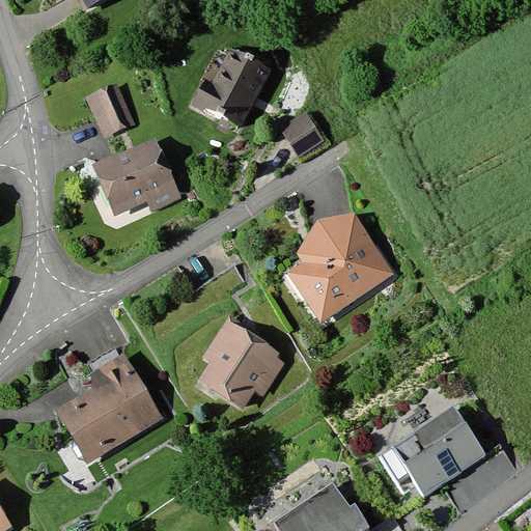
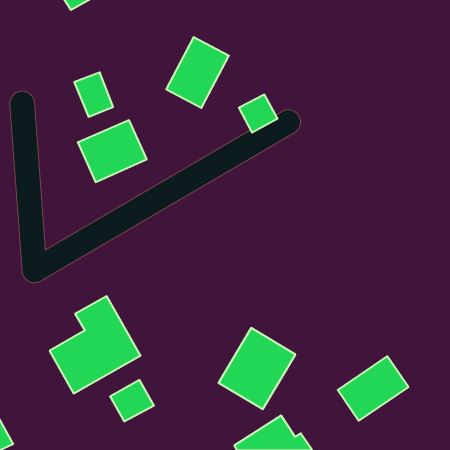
building: [297,215,394,314] -> none
building: [190,322,280,417] -> [218,328,295,409]
building: none -> [110,380,154,421]

